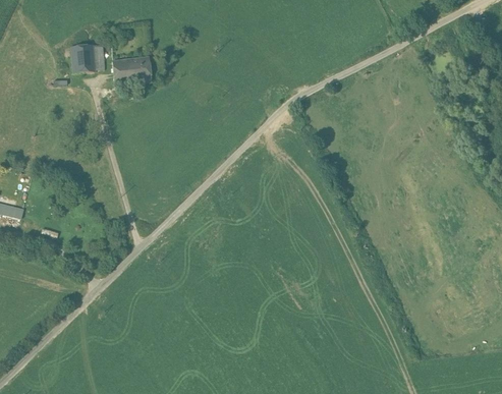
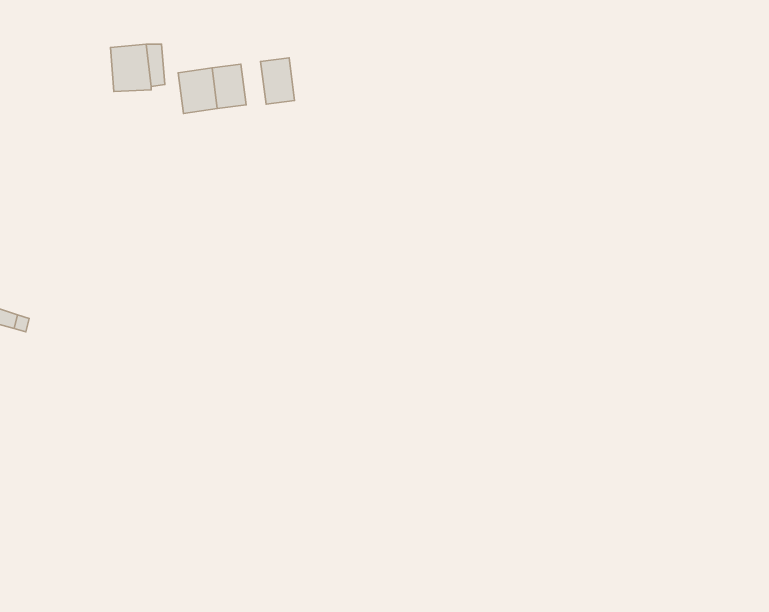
building: none -> [261,58,294,104]

